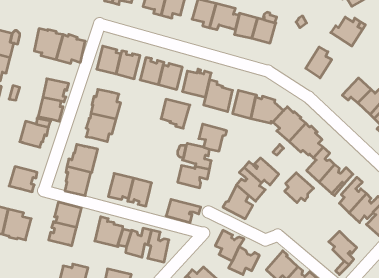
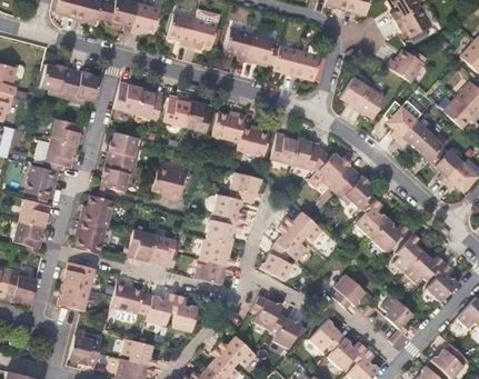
building: none -> [338,76,370,107]
building: none -> [386,104,416,138]
building: [161,99,190,128] -> [152,167,186,200]
building: none -> [19,199,50,226]
building: [285,173,314,203] -> [332,273,366,308]
building: none -> [199,238,234,267]

